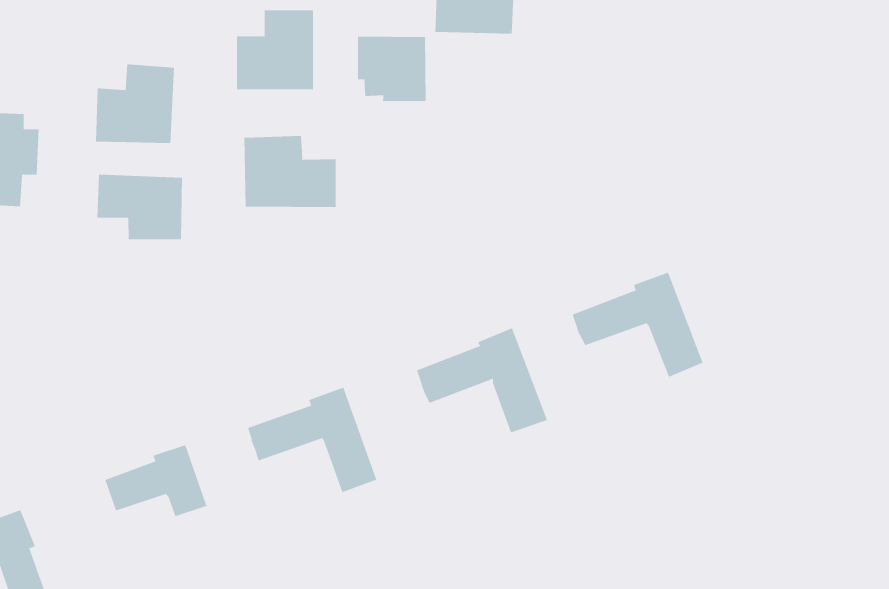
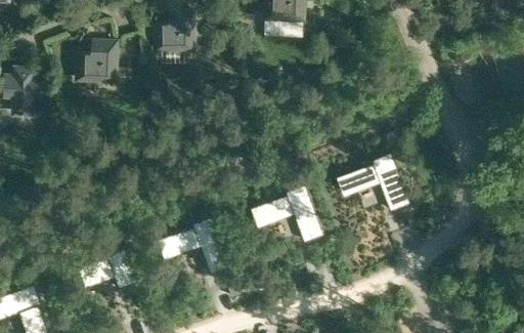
building: [357,36,426,102] -> none
building: [244,135,336,208] -> none
building: [97,174,183,240] -> none

